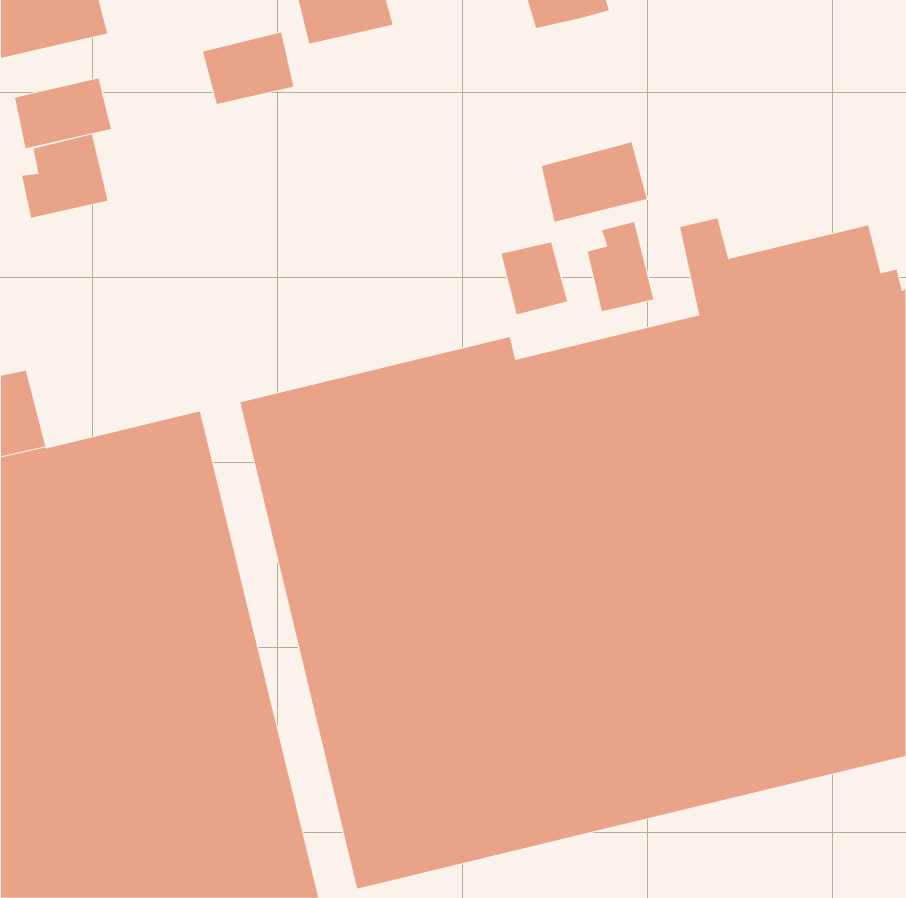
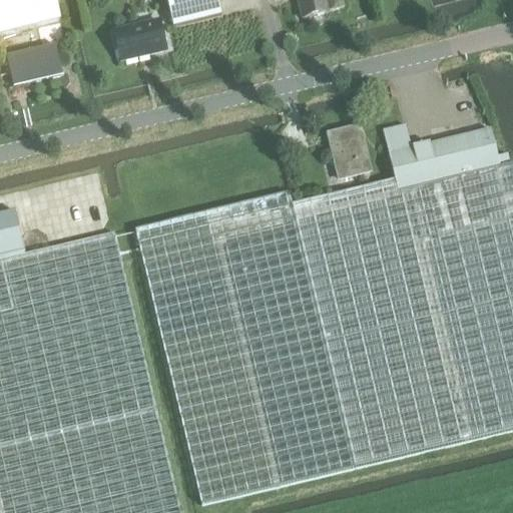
building: [21,134,108,219] -> none
building: [541,141,647,223] -> none
building: [501,242,568,315] -> none

